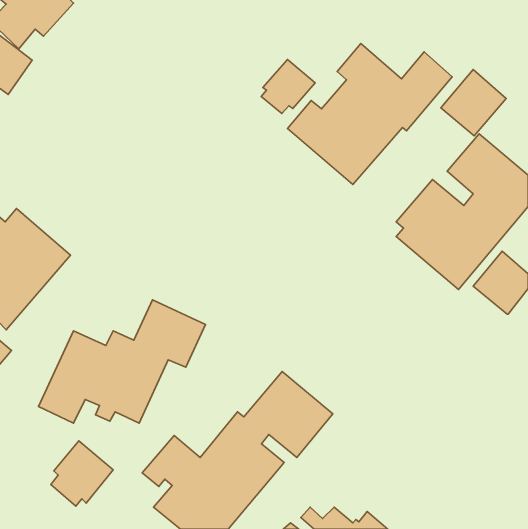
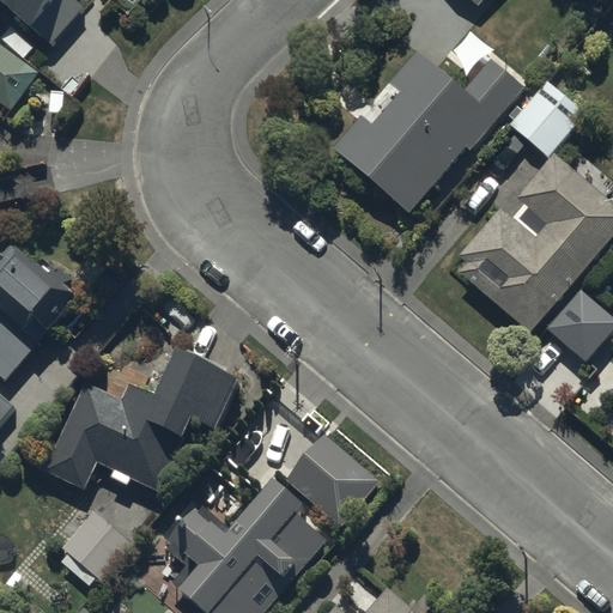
building: [261,59,315,114] -> none

